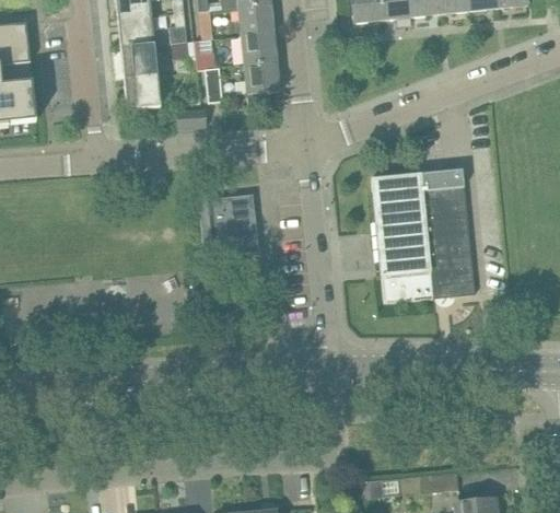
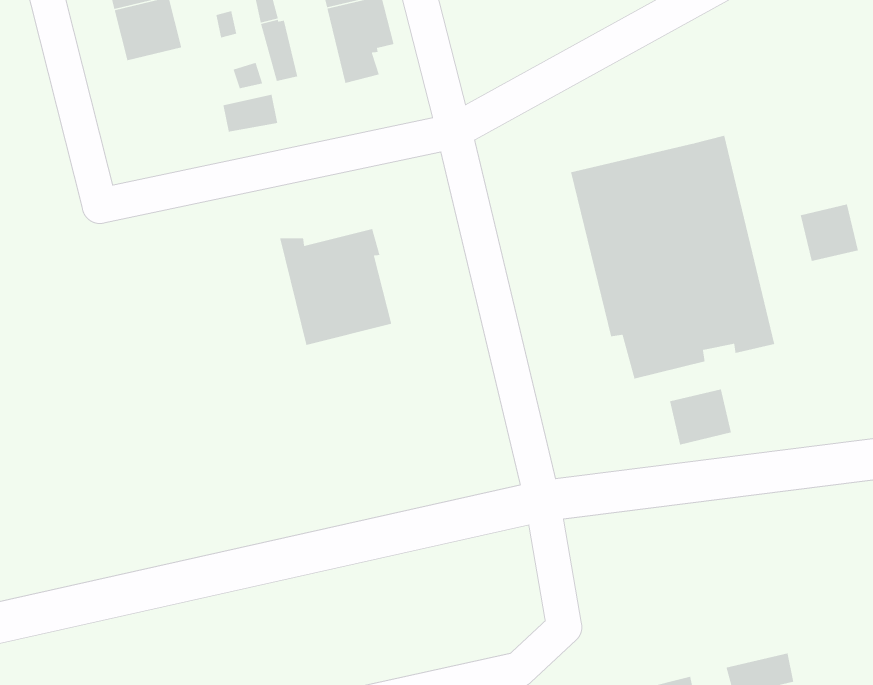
building: [125,74,161,108] -> none
building: none -> [800,204,859,262]
building: none -> [669,388,732,446]

